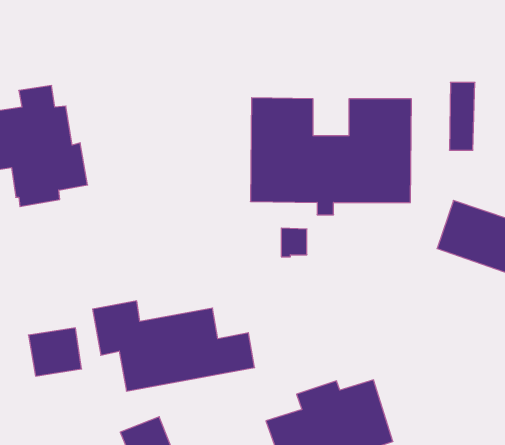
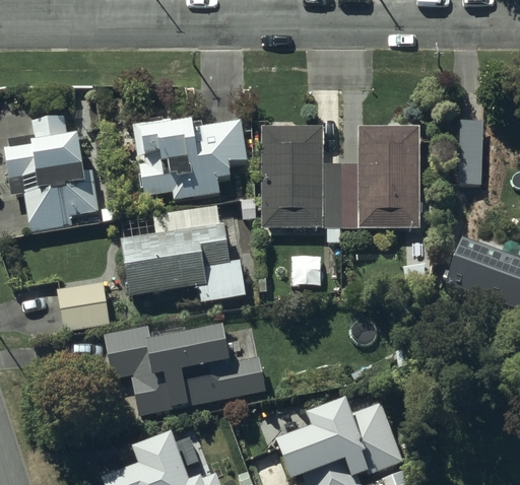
building: none -> [133,107,247,200]
building: none -> [121,206,246,301]
building: [28,328,82,376] -> [57,281,110,329]

